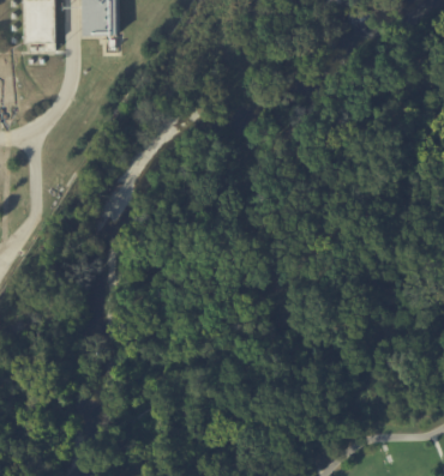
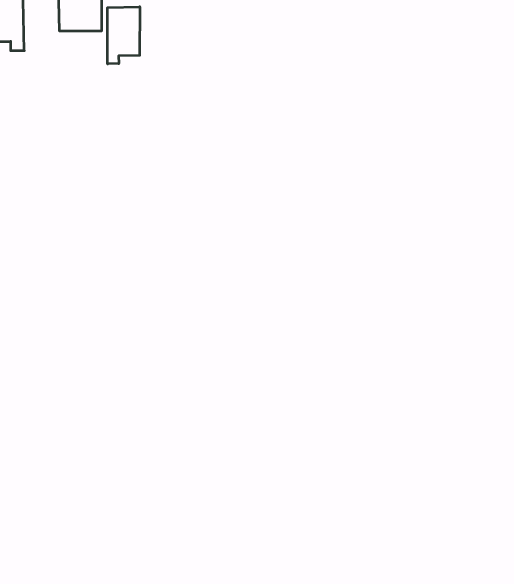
building: none -> [108,7,140,64]

